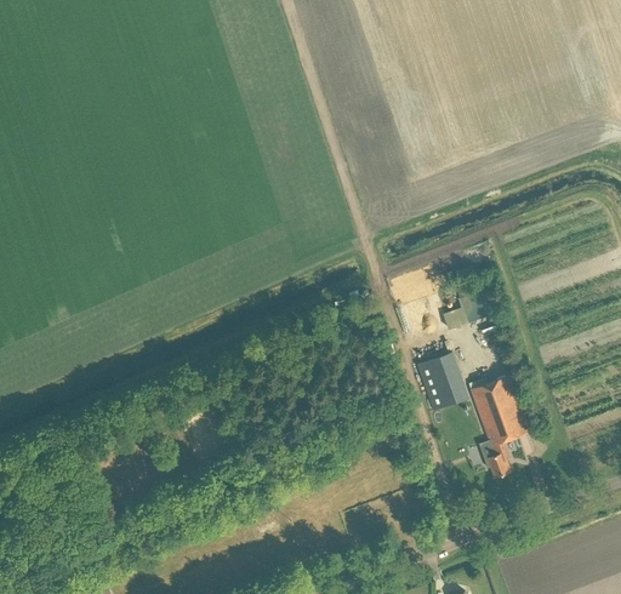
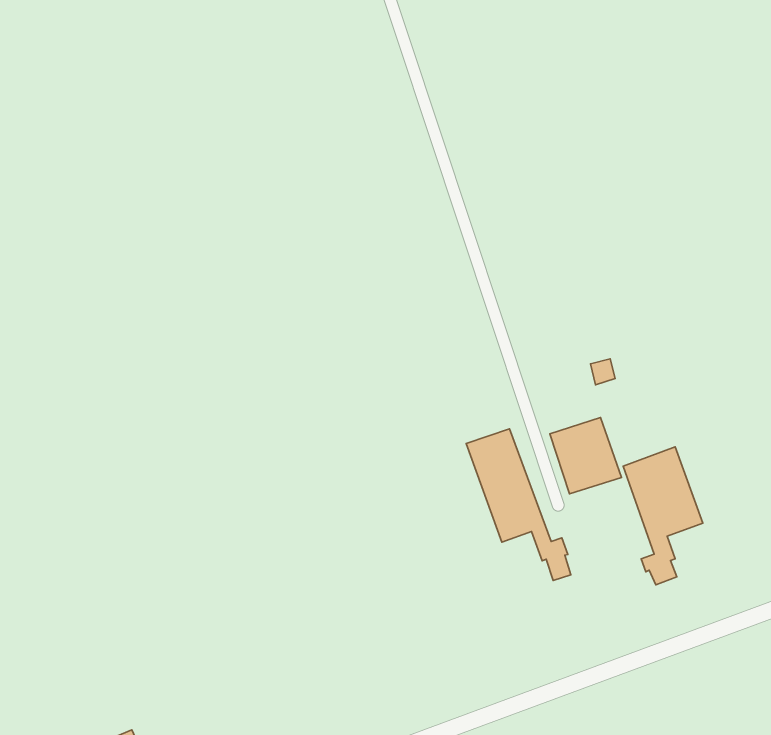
building: none -> [466,429,571,581]

